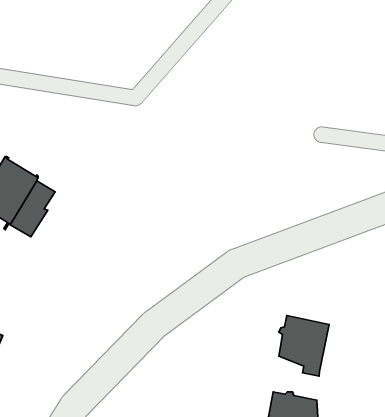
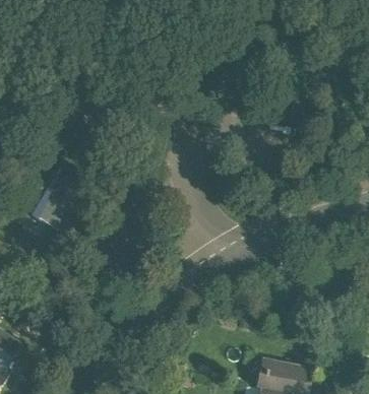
building: [279,316,329,376] -> none

